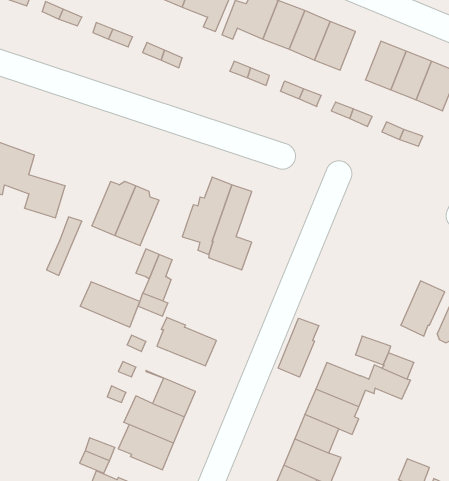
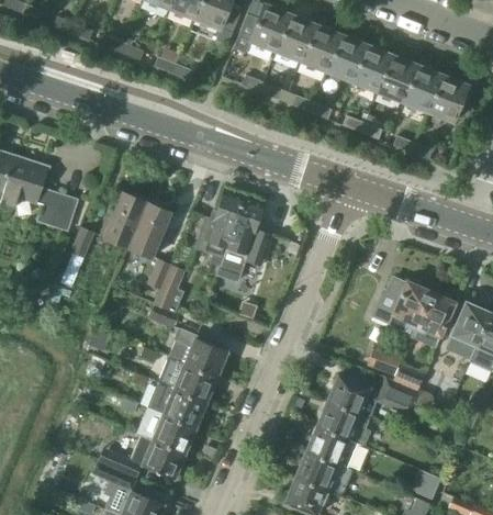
building: none -> [351,45,392,93]
building: none -> [377,278,432,337]
building: [80,282,140,327] -> [158,358,217,403]
building: [278,318,319,377] -> none

